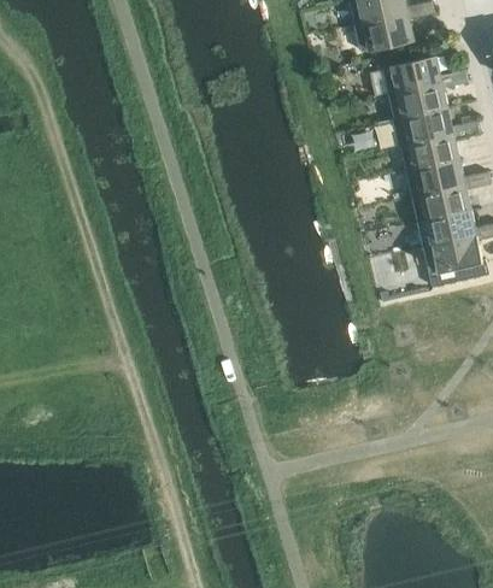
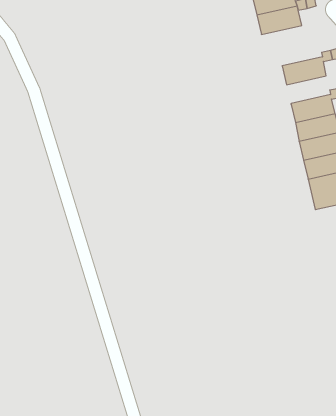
building: [383,55,444,94] -> none
building: [393,107,454,146] -> none

